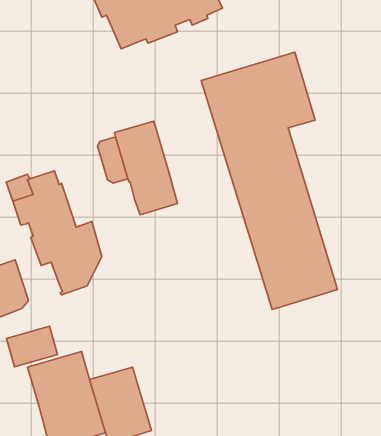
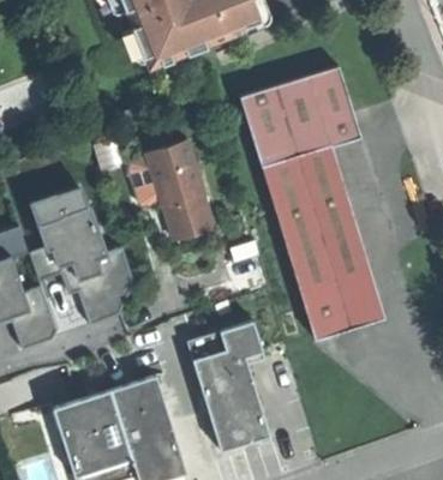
building: none -> [186,320,270,450]
building: [7,326,57,367] -> [112,371,166,414]

